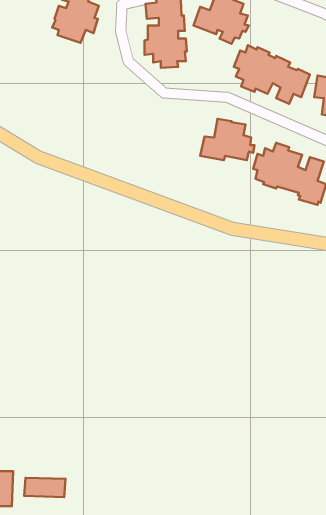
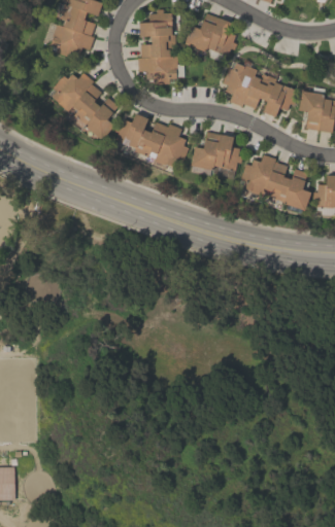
building: none -> [52,74,119,142]
building: none -> [115,114,189,170]
building: [24,478,66,497] -> none

